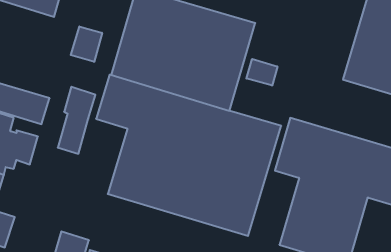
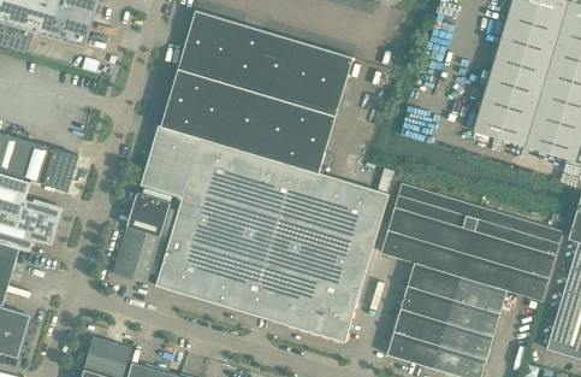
building: [71,26,102,62] -> none
building: [246,59,277,86] -> none
building: [58,87,95,154] -> [118,193,168,283]

